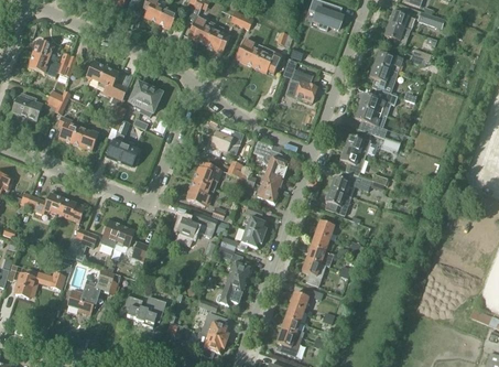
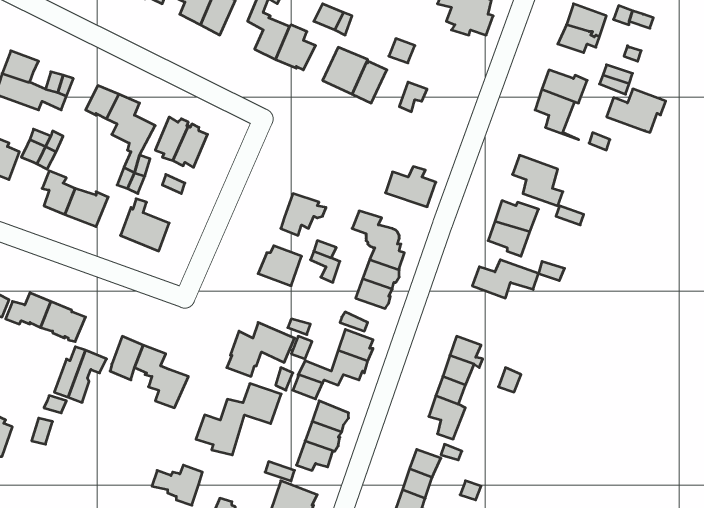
building: [285,77,317,102] -> [385,167,436,207]
building: [359,88,397,116] -> [607,89,666,132]
building: [186,181,215,207] -> none
building: [325,188,350,215] -> none
building: [67,269,121,314] -> [196,384,281,455]

